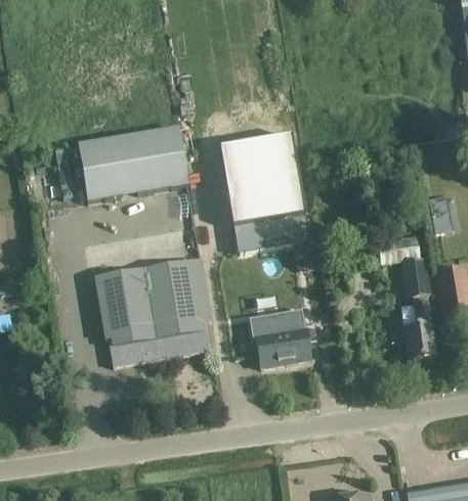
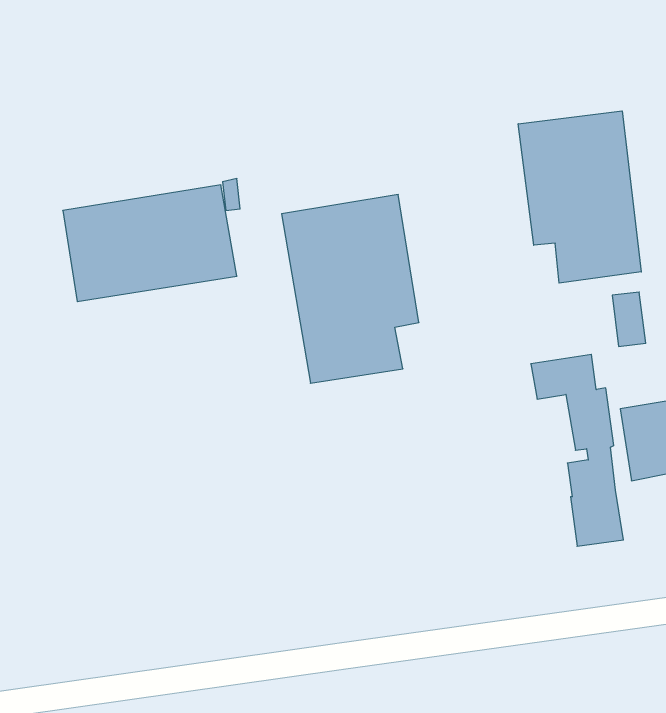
building: none -> [518,111,641,283]
building: [93,257,212,365] -> none
building: [248,308,309,367] -> none

